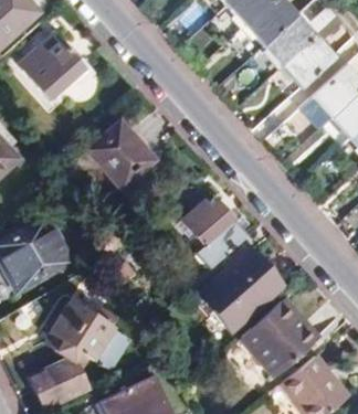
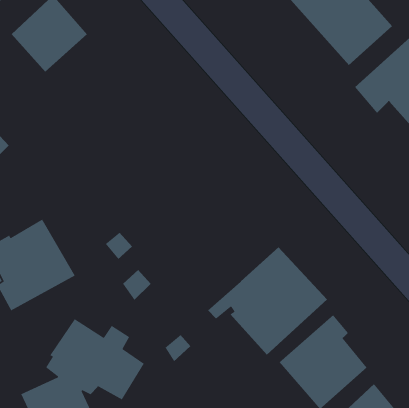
building: [87,120,154,197] -> none
building: [182,200,248,269] -> none

